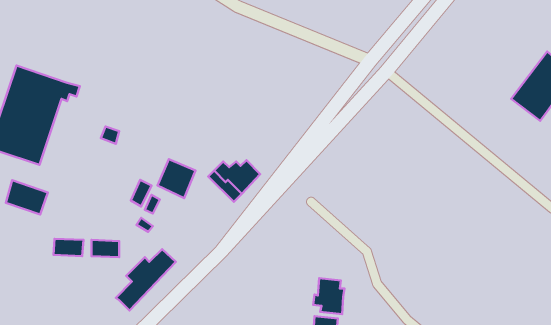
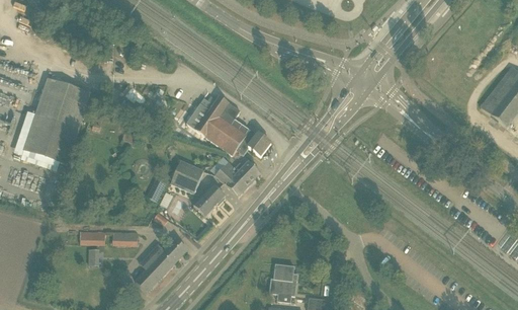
building: none -> [185,95,270,156]
building: [6,180,48,214] -> none
building: none -> [192,183,225,216]
building: [313,278,344,314] -> [269,263,296,295]

